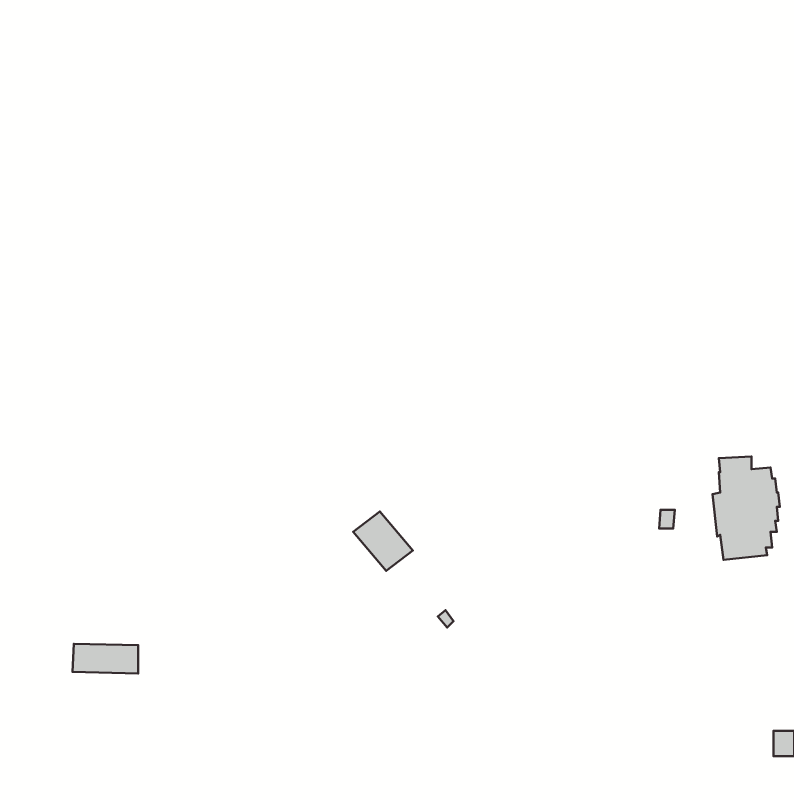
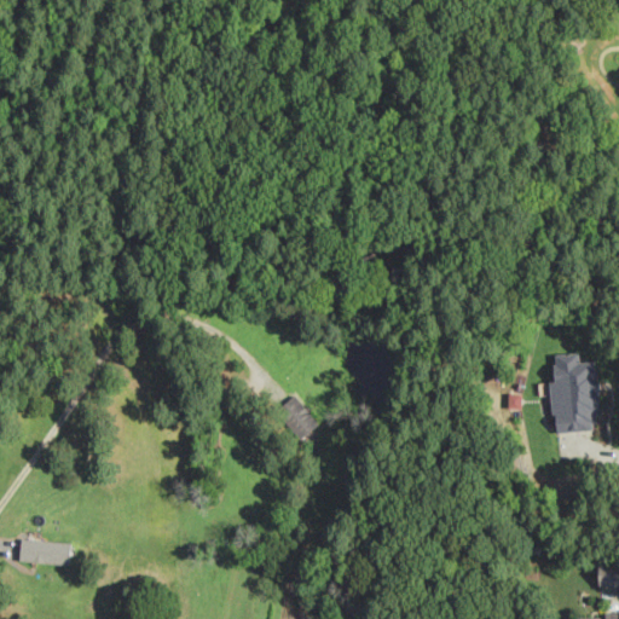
building: [72,644,138,673] -> [16,540,66,563]

